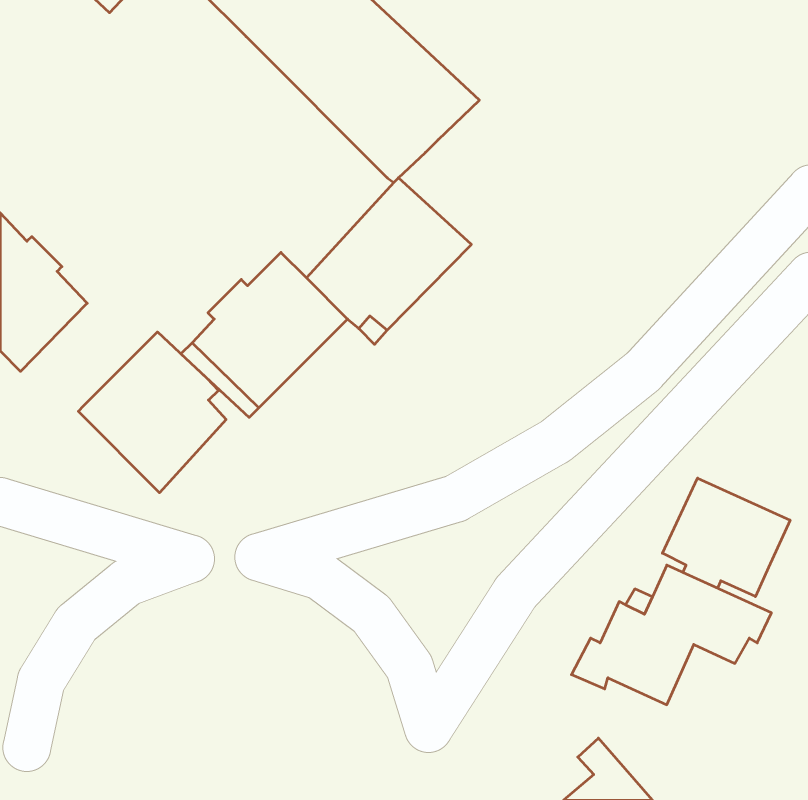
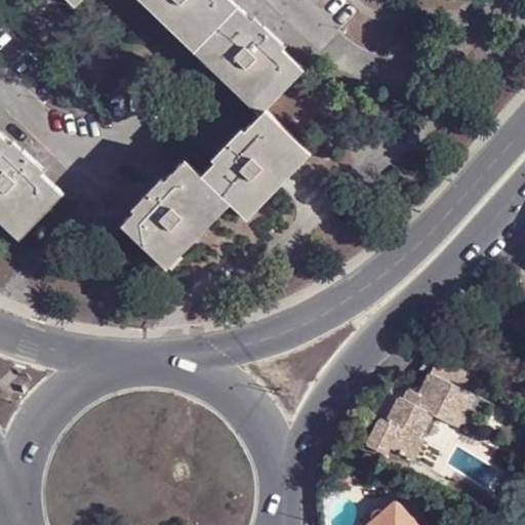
building: [78,332,226,493] -> none
building: [662,478,790,597] -> none

